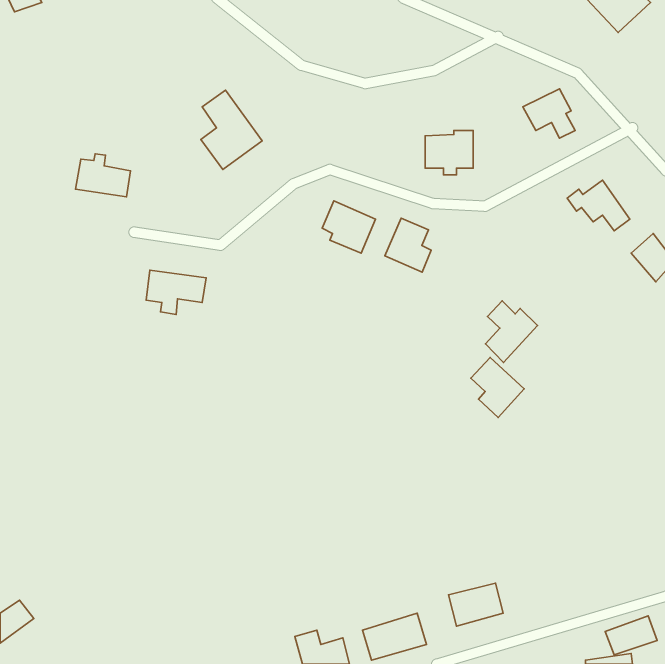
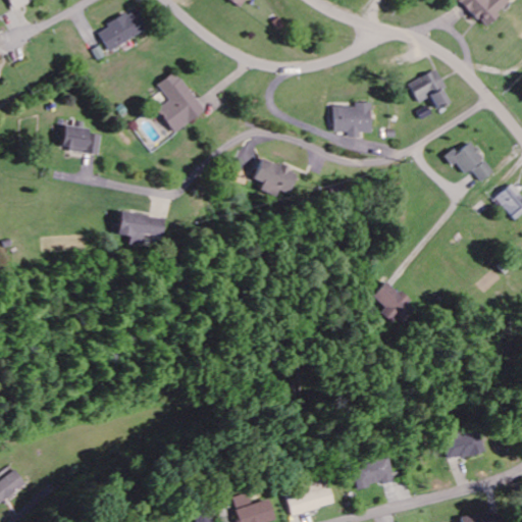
building: none -> [99,8,149,50]
building: [385,218,431,272] -> none
building: [485,301,537,362] -> none
building: [605,616,657,655] -> [440,428,481,459]

